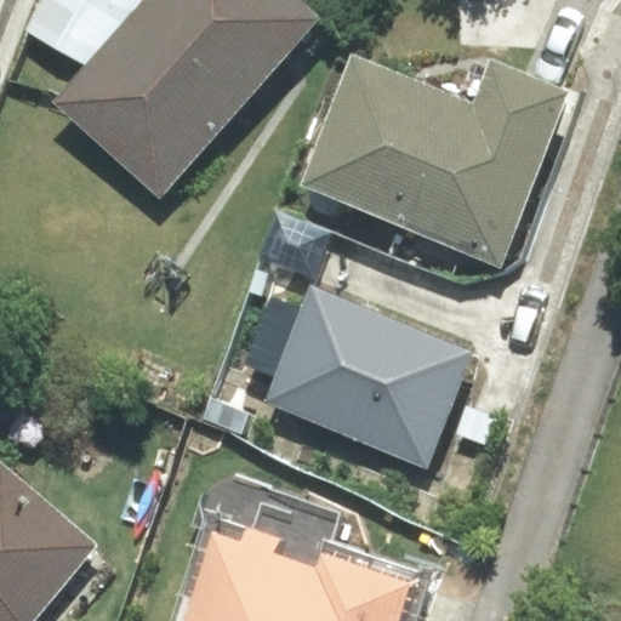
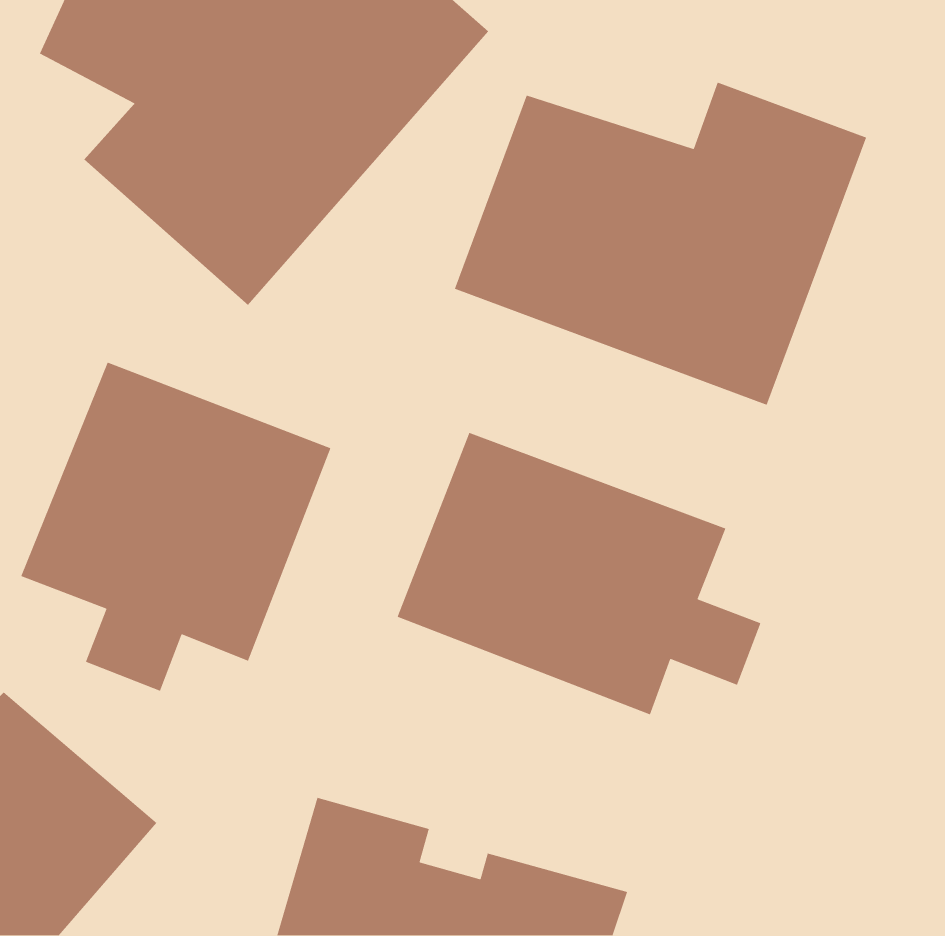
building: none -> [20,362,331,692]

